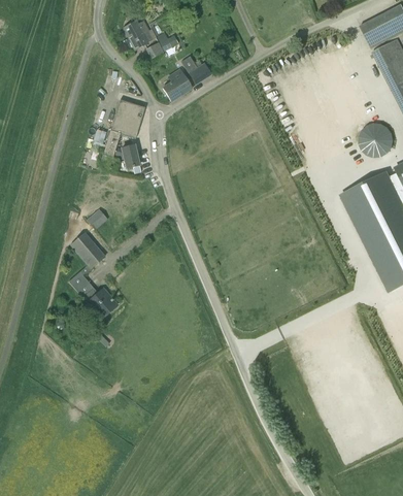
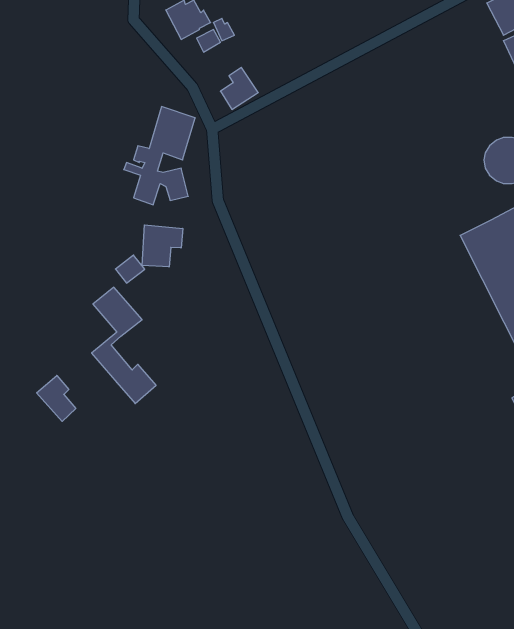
building: [182,58,212,86] -> none
building: none -> [142,225,183,267]
building: none -> [37,375,76,421]

